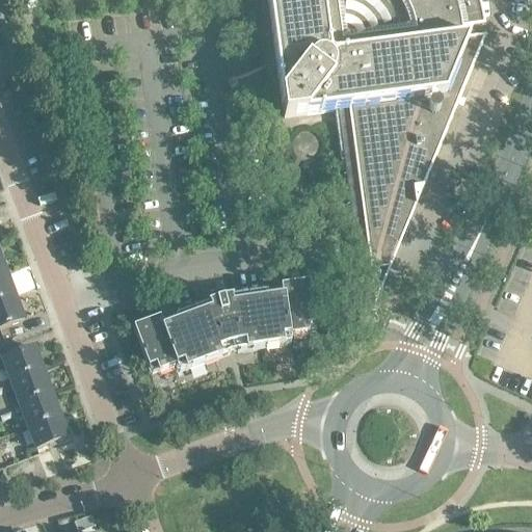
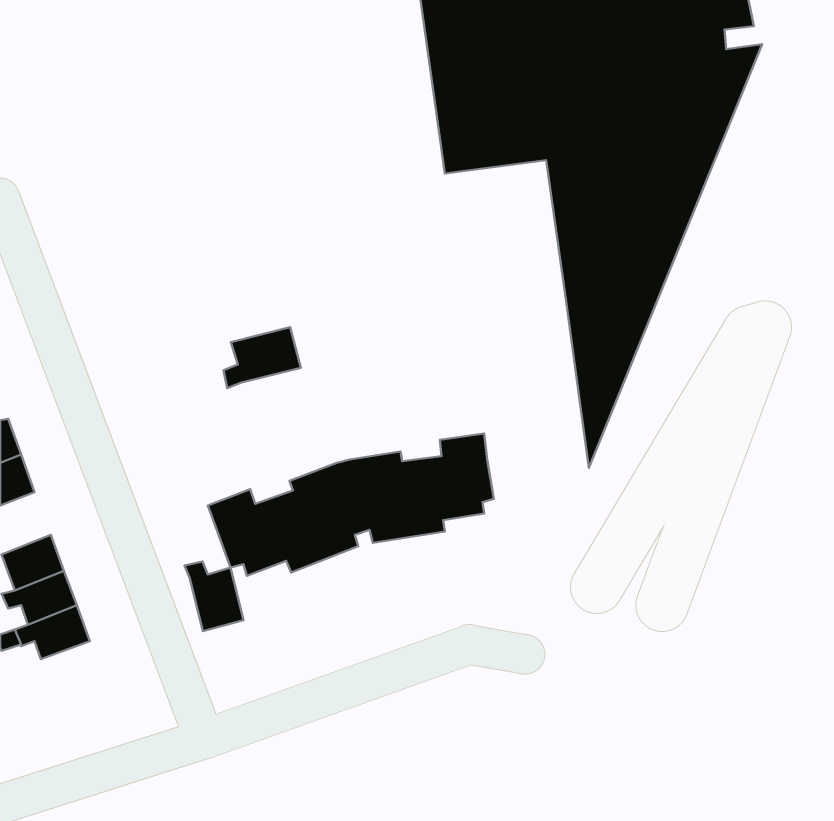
building: none -> [223,327,301,388]
building: none -> [185,562,244,631]
building: [27,407,68,442] -> none

